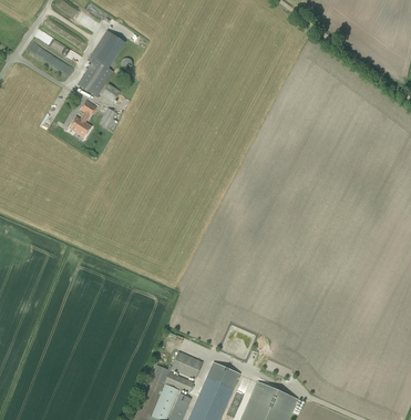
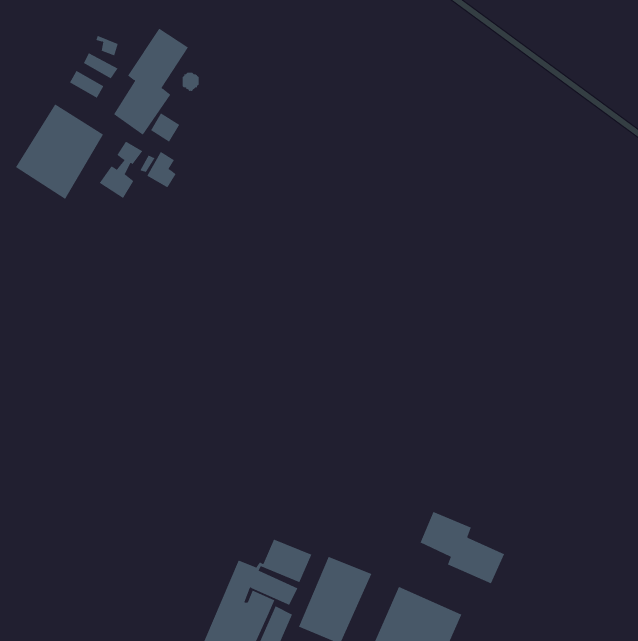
building: none -> [15,103,104,200]
building: none -> [420,511,505,584]

